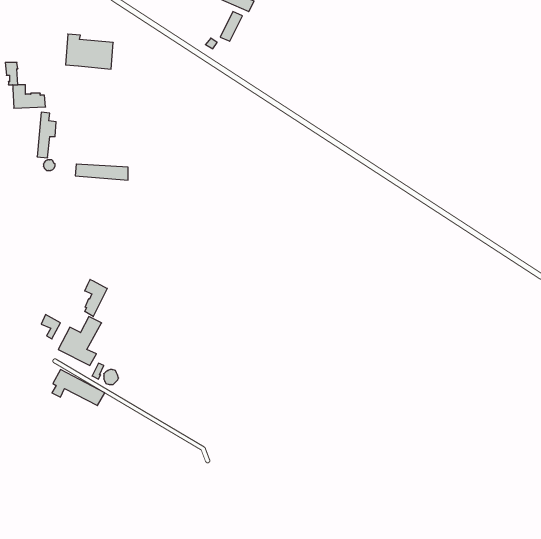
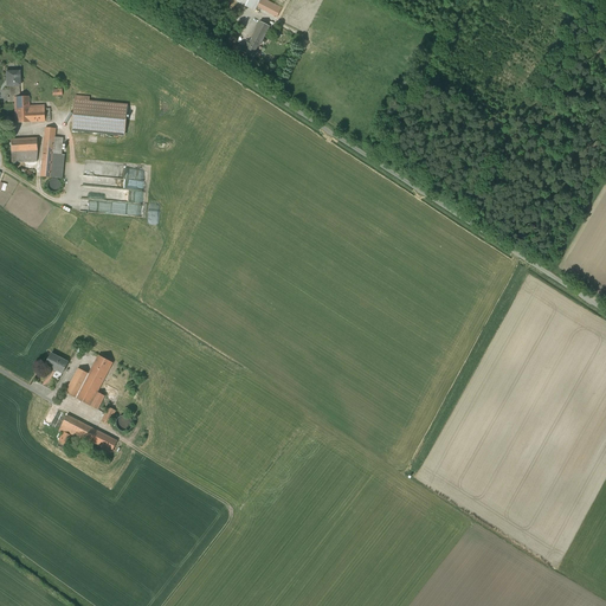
building: [66,34,113,69] -> [73,94,127,133]
building: none -> [11,136,38,161]
building: [85,279,107,317] -> none

